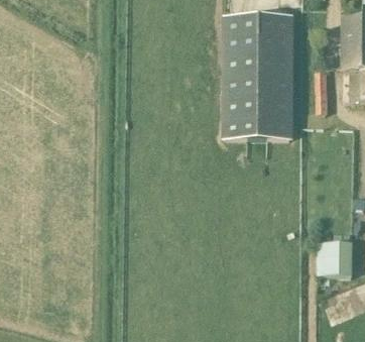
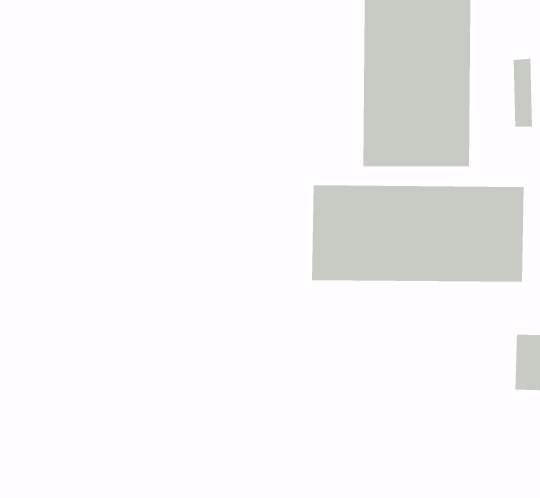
building: none -> [311,185,524,283]

